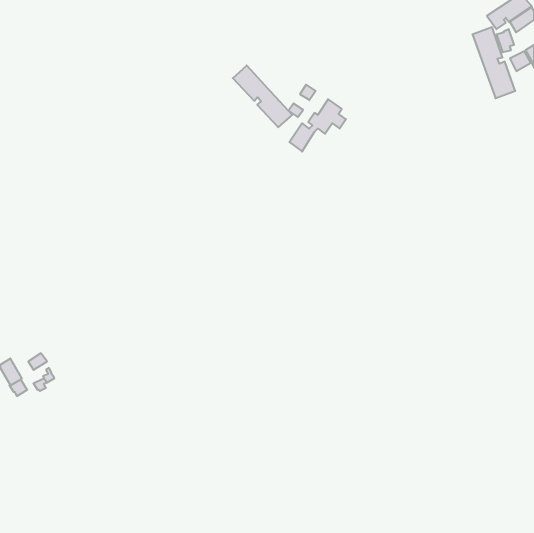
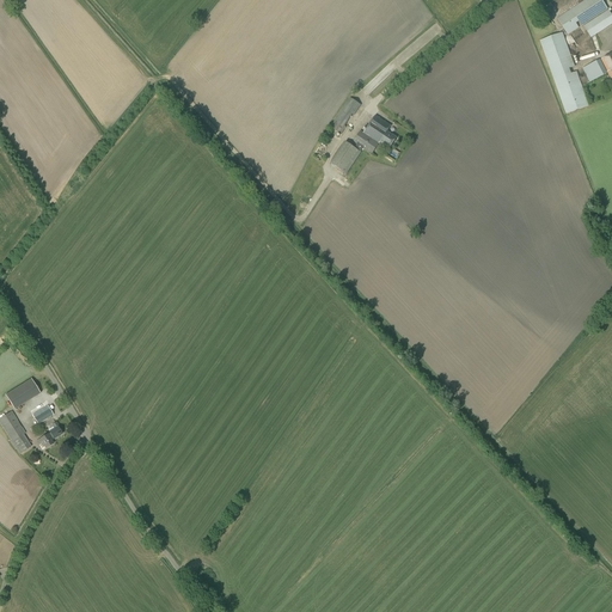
building: [233,65,292,127] -> none
building: none -> [5,378,39,408]

